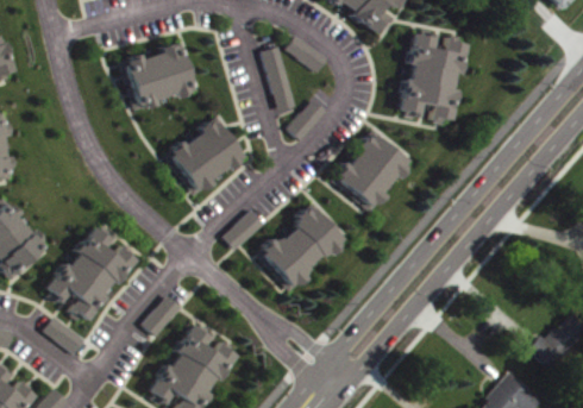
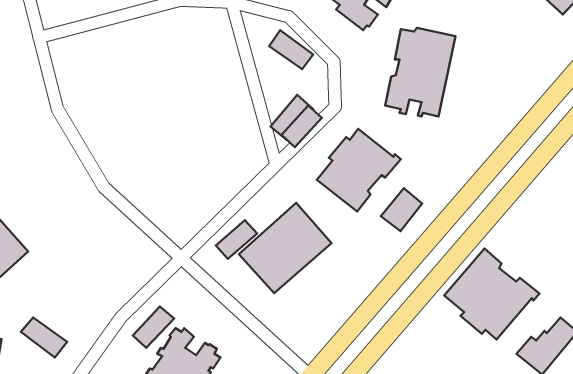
building: [121,40,194,108] -> none
building: [261,44,295,111] -> none
building: [164,115,246,195] -> none
building: none -> [381,188,422,231]
building: [46,226,133,315] -> none
building: none -> [444,249,540,340]

